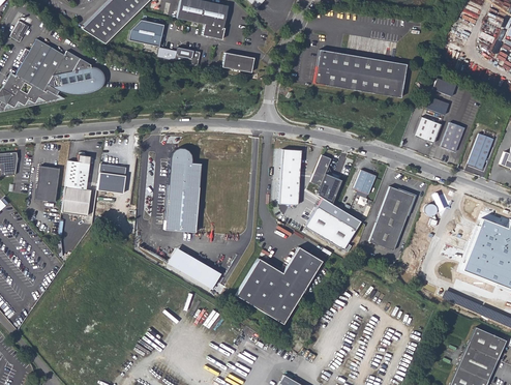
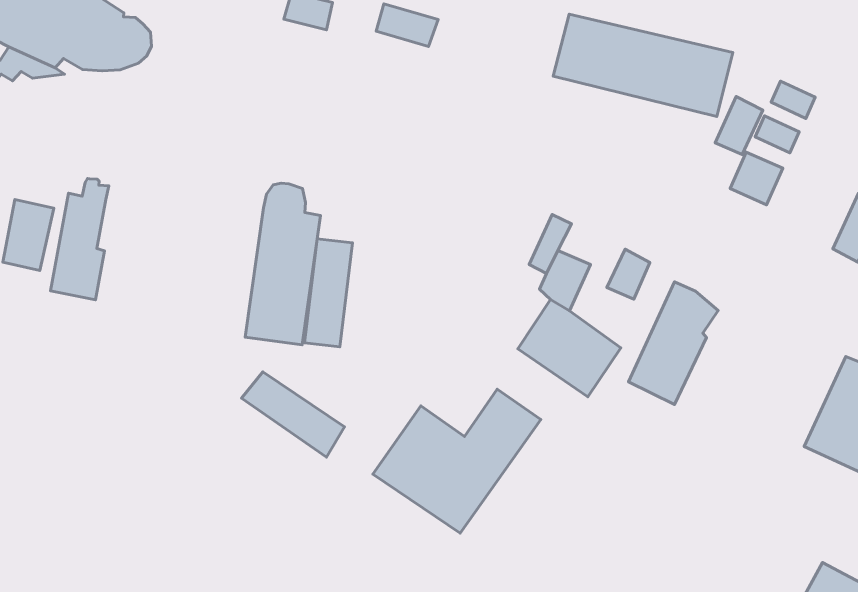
building: [441,121,464,151] -> [715,97,763,154]
building: [279,150,301,206] -> [305,239,353,347]
building: [98,164,127,194] -> none

